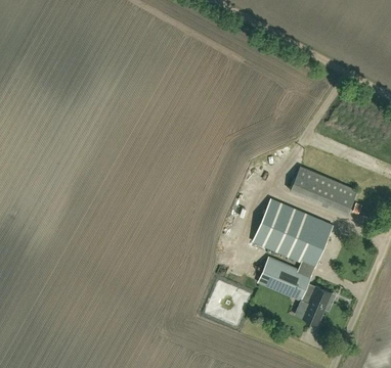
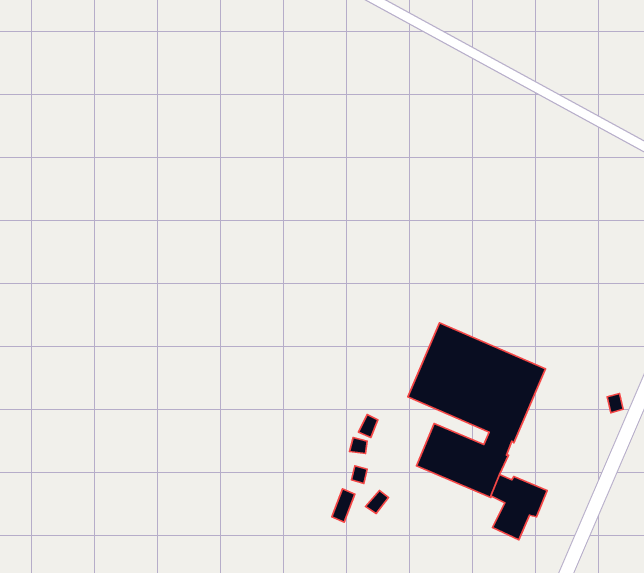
building: [290,166,356,211] -> none

